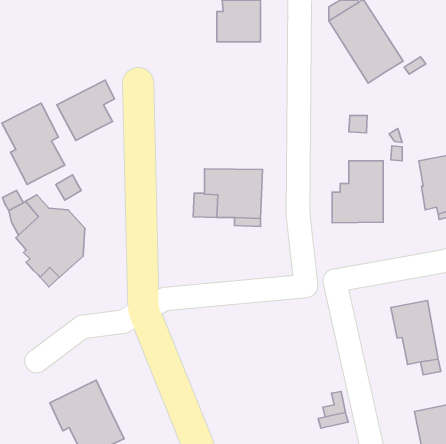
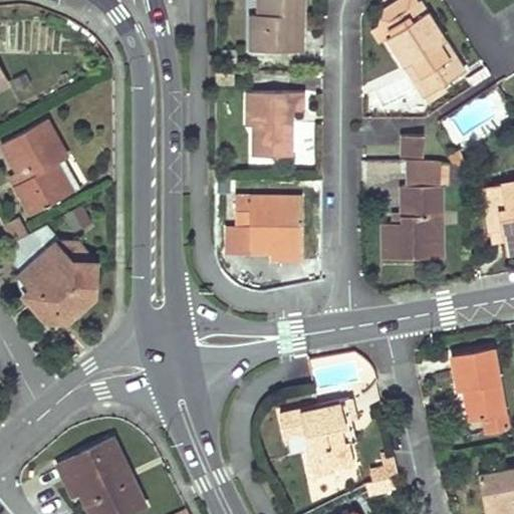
building: none -> [248,92,302,156]
building: [57,80,114,140] -> none
building: none -> [401,162,441,188]
building: none -> [281,398,357,476]

